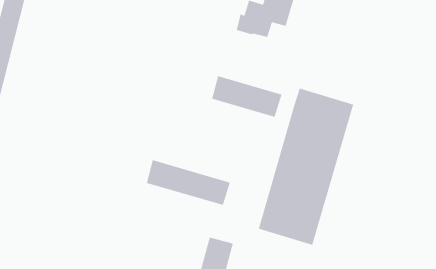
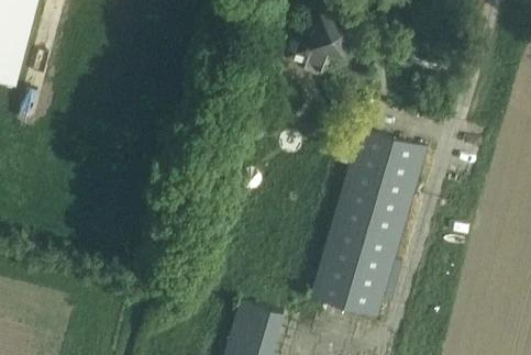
building: [211,75,282,118] -> none
building: [146,159,231,206] -> none

